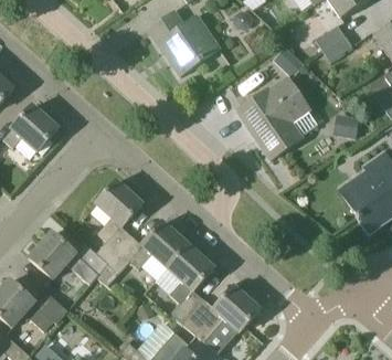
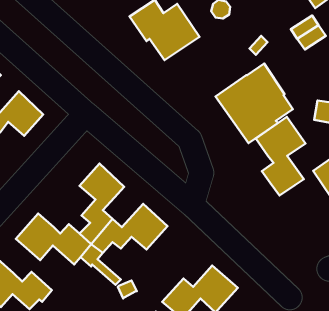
building: none -> [256,117,305,196]
building: [166,244,214,322] -> none

